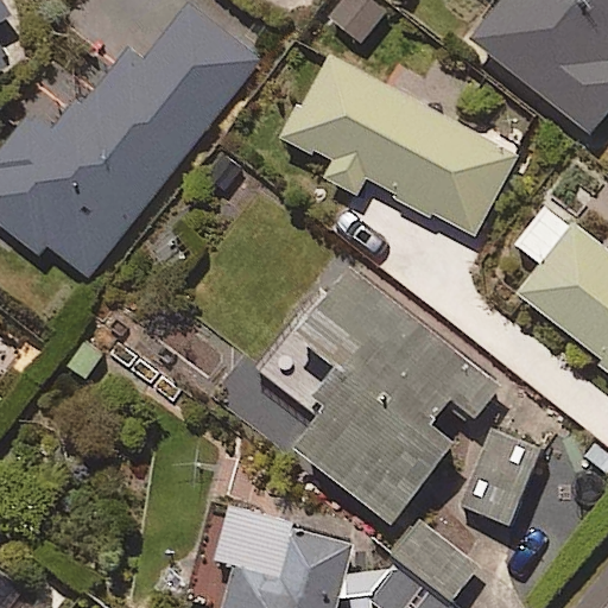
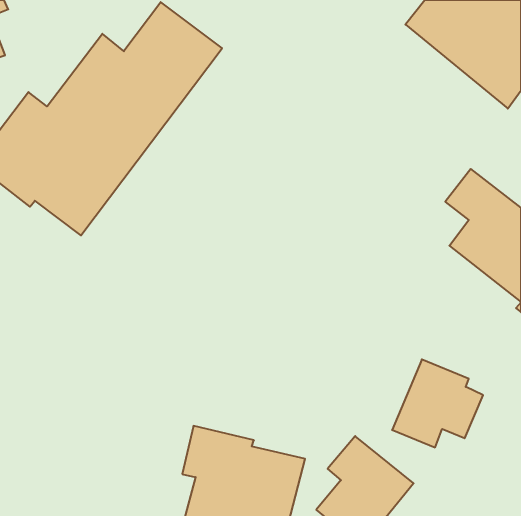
building: [281,53,519,240] -> none
building: [293,261,500,520] -> none

